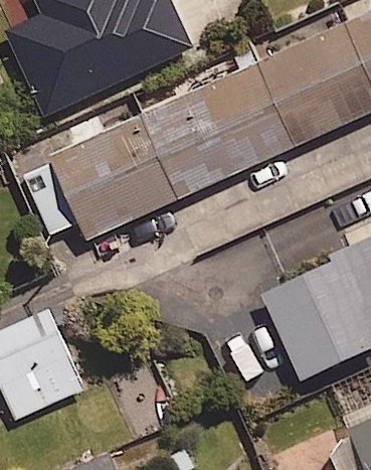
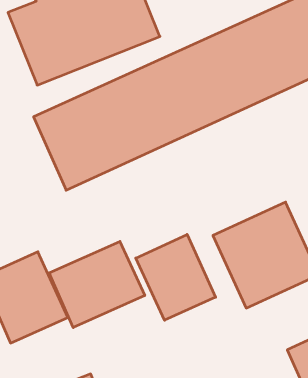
building: none -> [136,234,216,320]
building: none -> [49,241,145,328]

